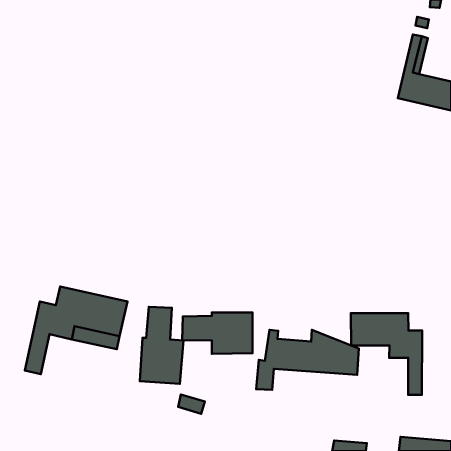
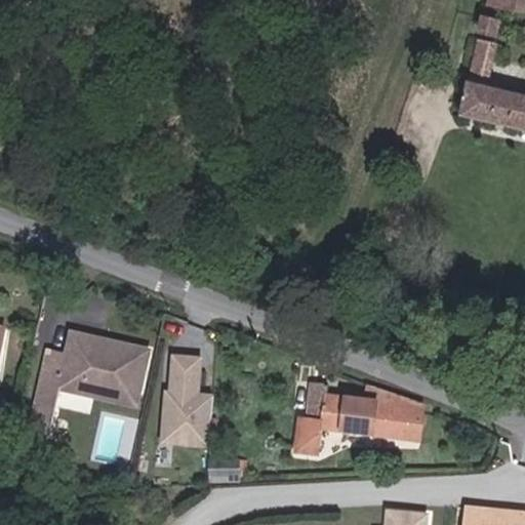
building: [182,312,252,354] -> none
building: [351,313,422,395] -> none

